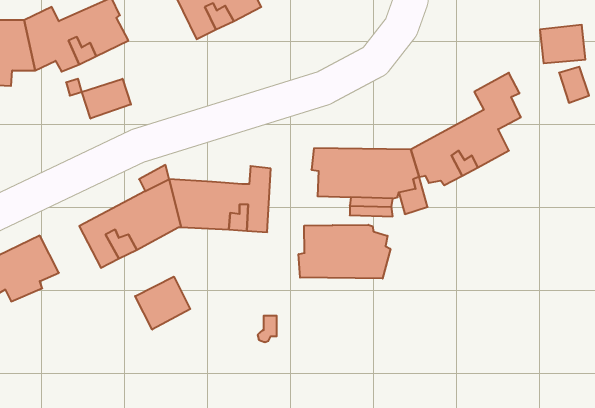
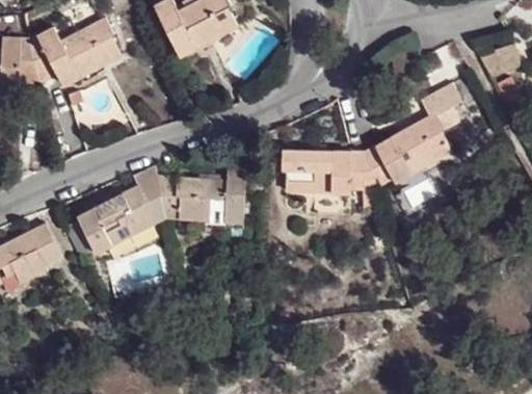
building: [82,79,131,119] -> none
building: [299,225,390,279] -> none
building: [135,277,190,330] -> none

